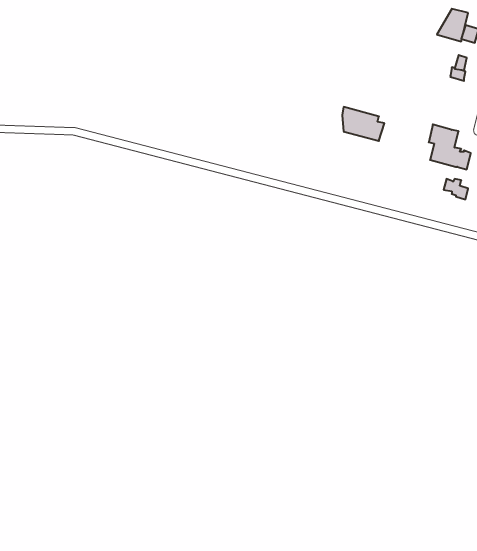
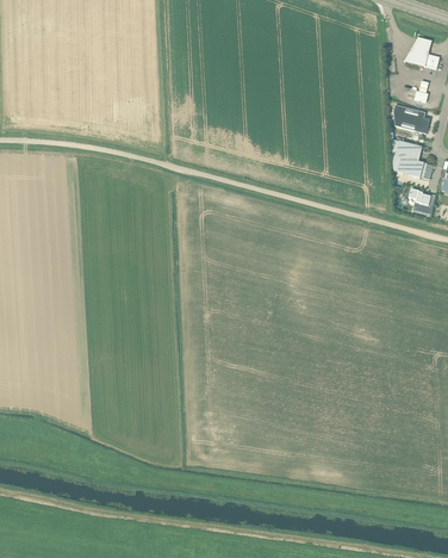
building: [342,107,384,141] -> [393,104,430,134]

